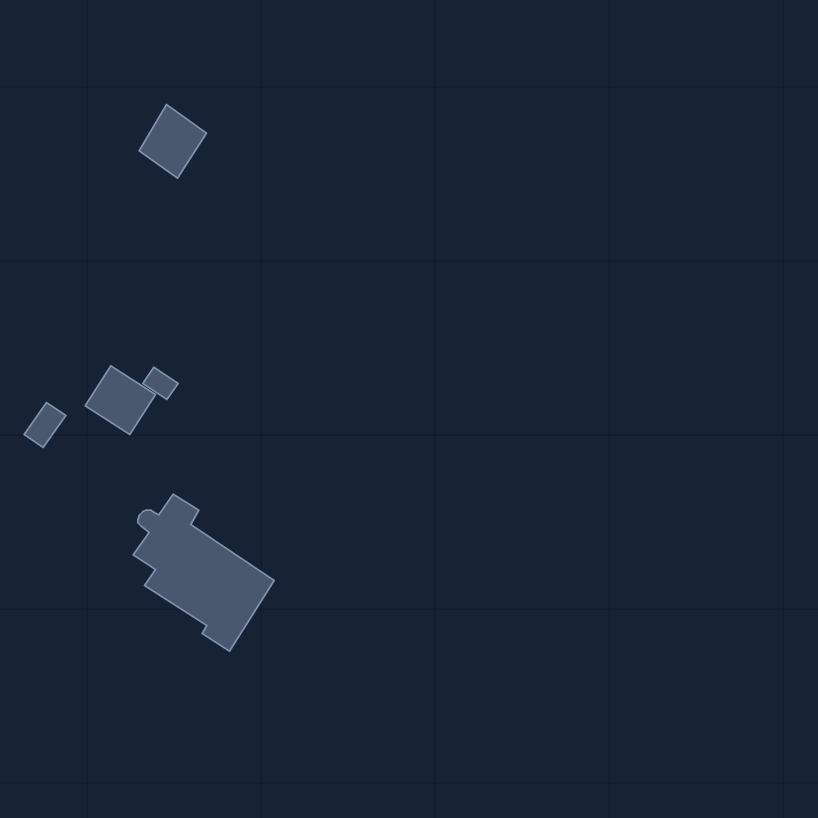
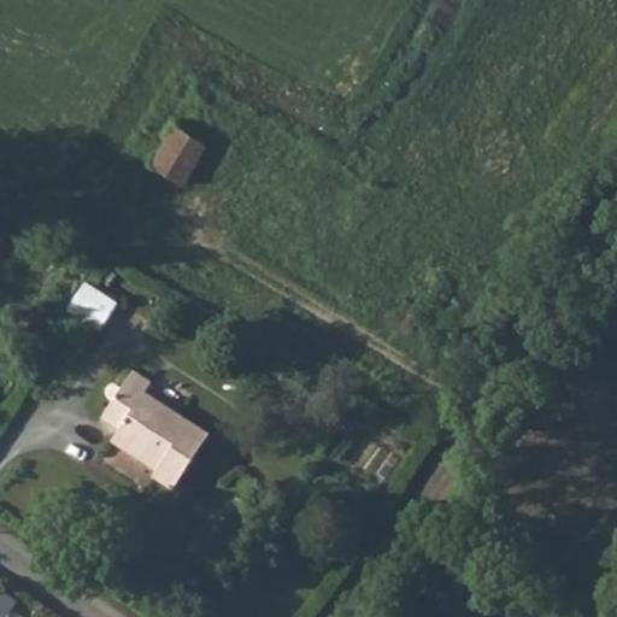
building: [139,104,206,178] -> [154,128,205,183]

